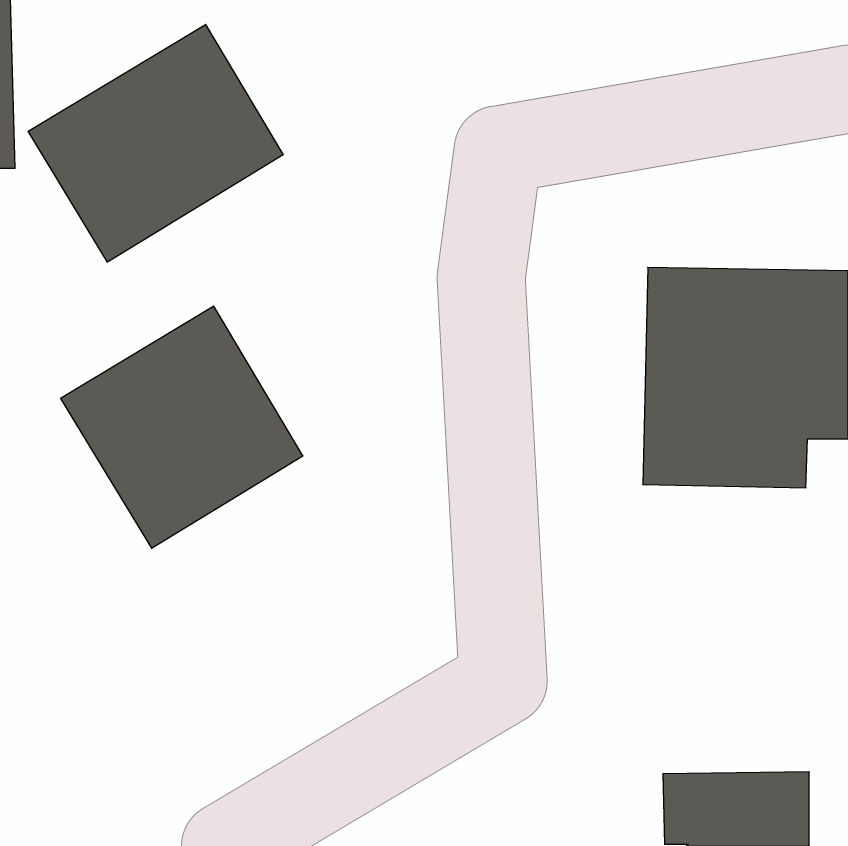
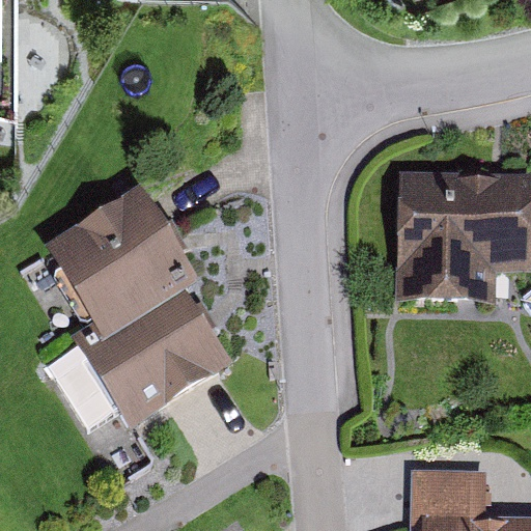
building: [28,24,283,262] -> none
building: none -> [86,286,236,428]

